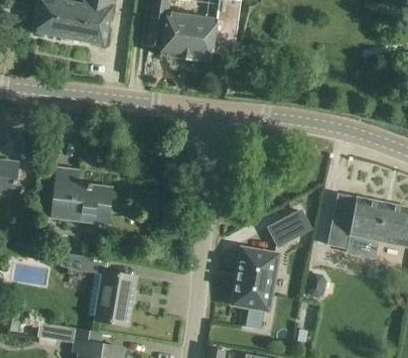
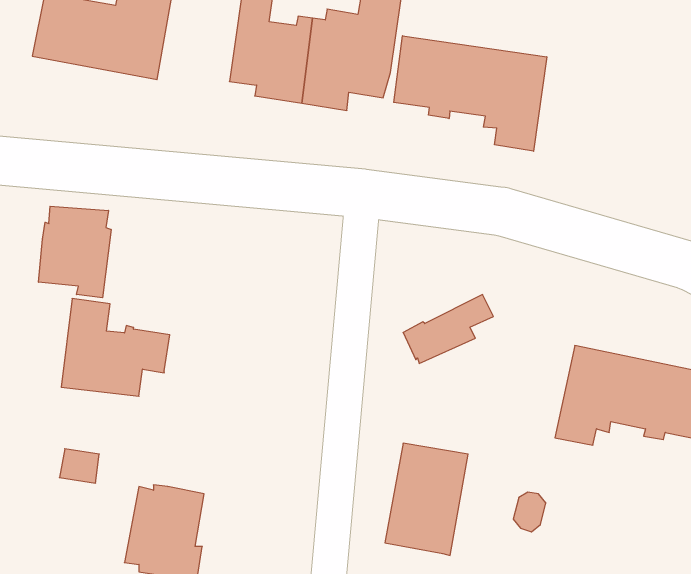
building: none -> [394,36,547,151]
building: none -> [39,206,111,298]
building: [265,206,315,244] -> [403,295,493,363]

